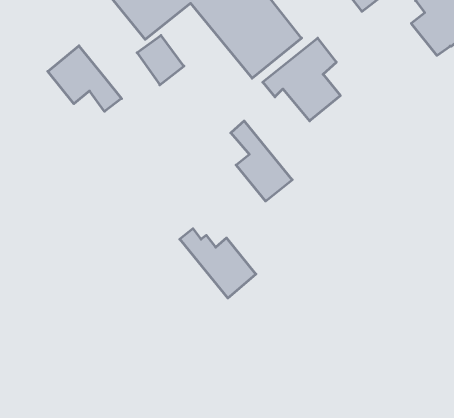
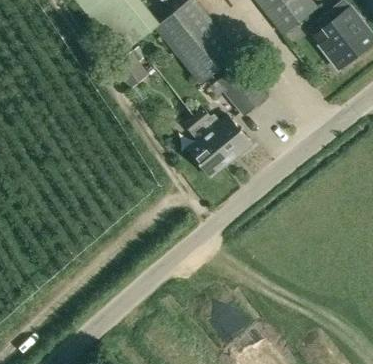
building: [48,46,122,111] -> none
building: [180,229,256,298] -> [194,108,251,160]

